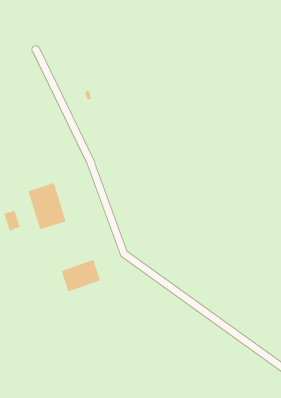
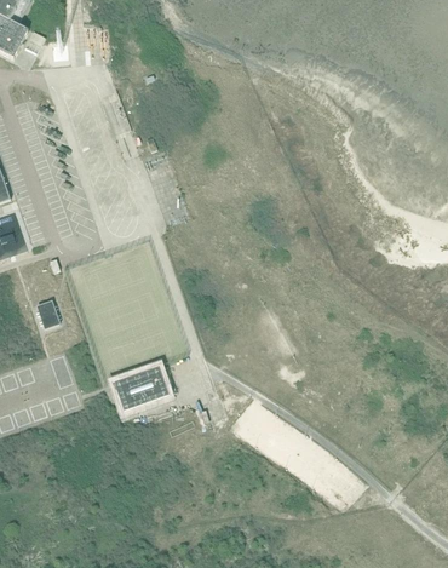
building: [28,182,66,230] -> none

